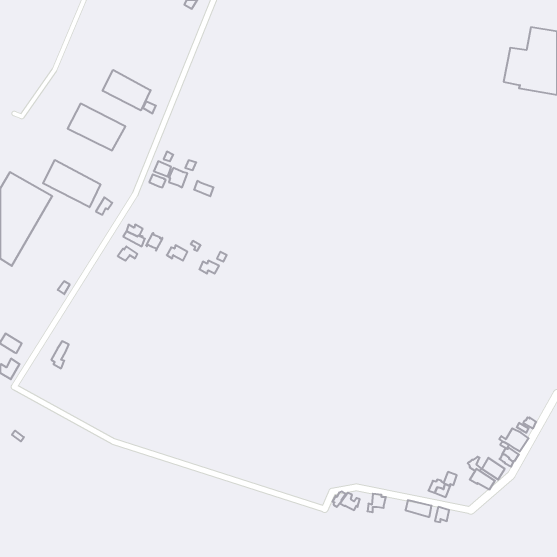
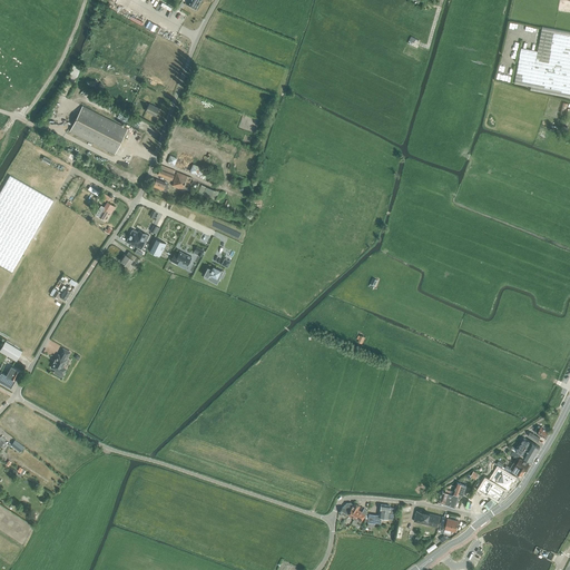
building: [103,70,151,110] -> none
building: [43,160,100,207] -> none

